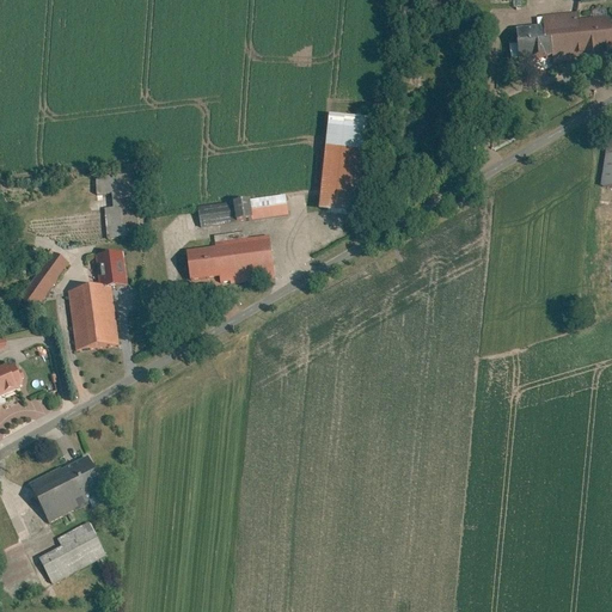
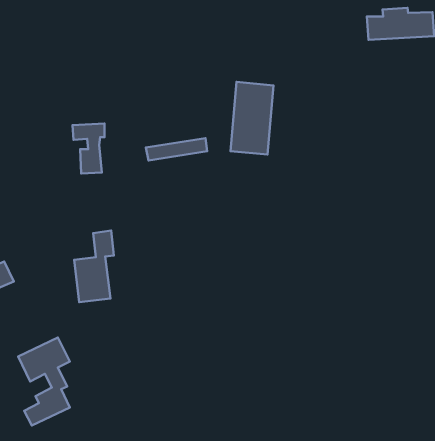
building: [185,226,274,276] -> none
building: [67,251,122,350] -> [74,230,114,302]
building: [24,253,69,306] -> none

